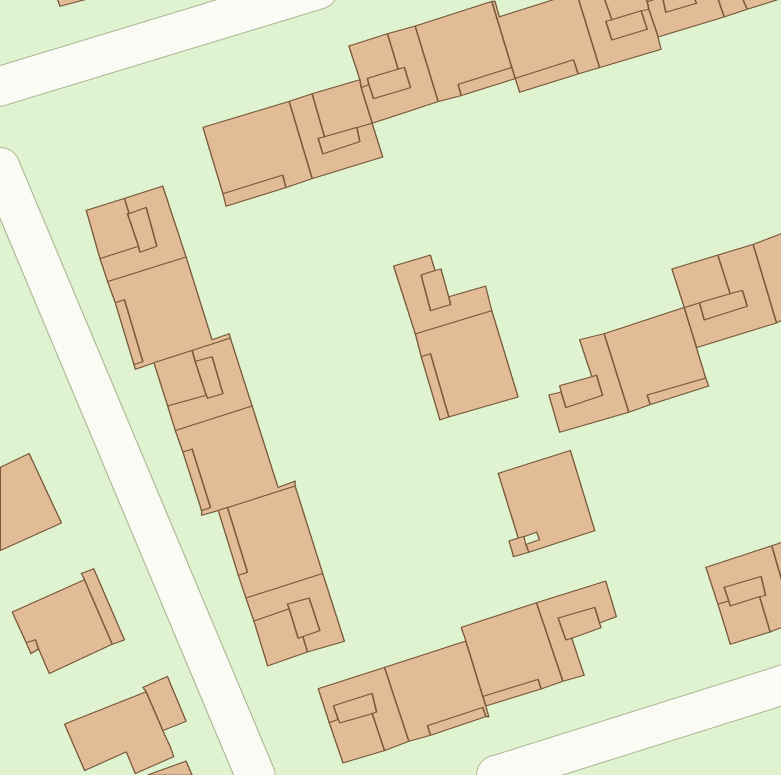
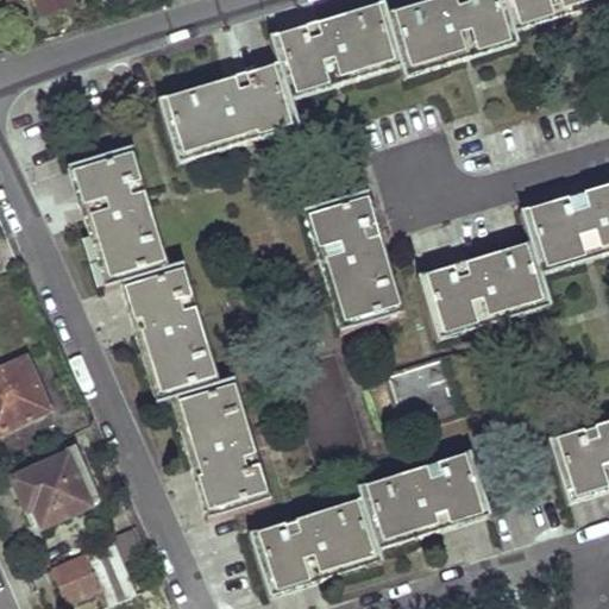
building: none -> [337,188,379,230]
building: none -> [417,263,462,306]
building: none -> [446,477,491,522]

